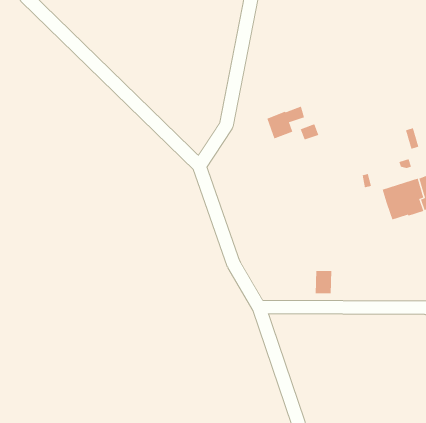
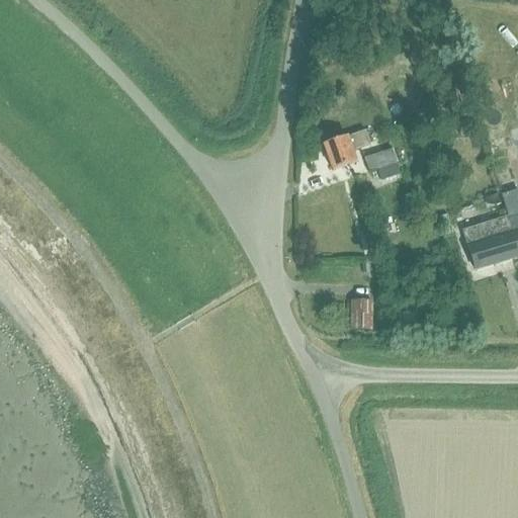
building: [315,271,332,294] -> [351,299,372,328]

